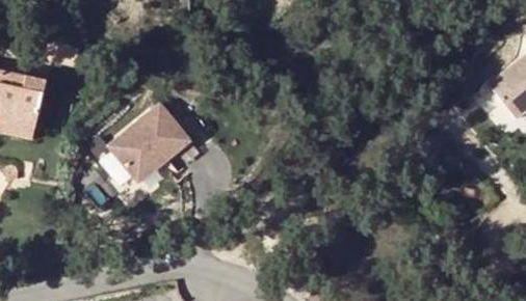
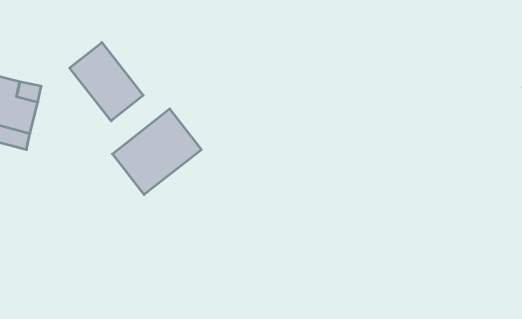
building: none -> [70,42,143,121]

